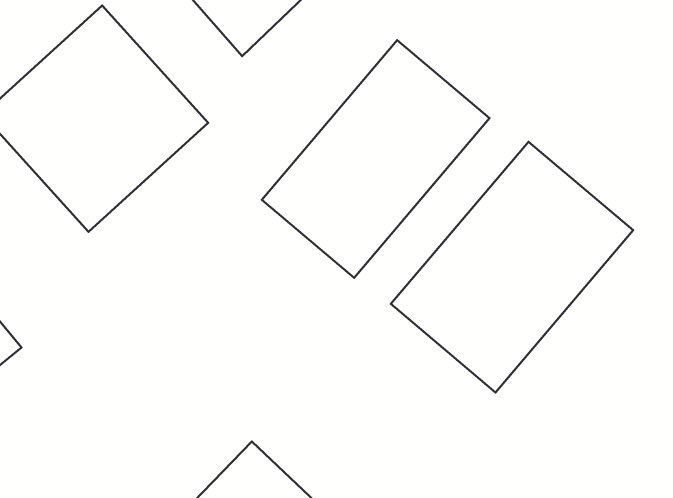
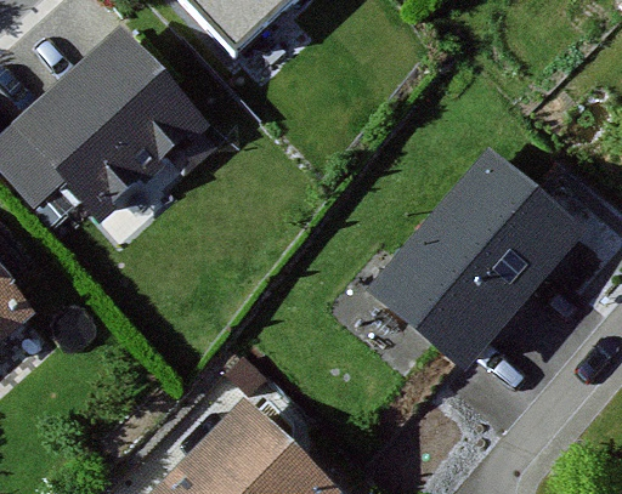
building: [262,40,489,278] -> none

